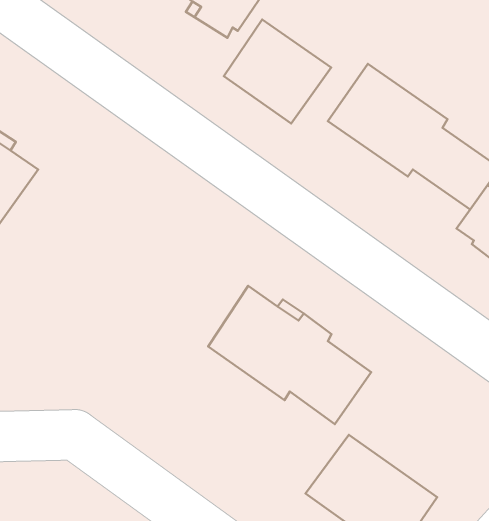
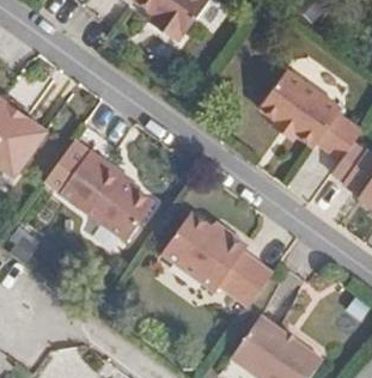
building: [224,20,331,123] -> none
building: none -> [59,150,153,239]

